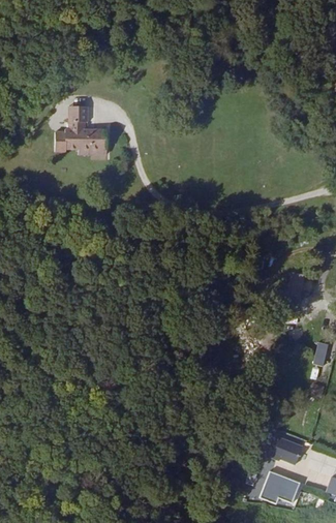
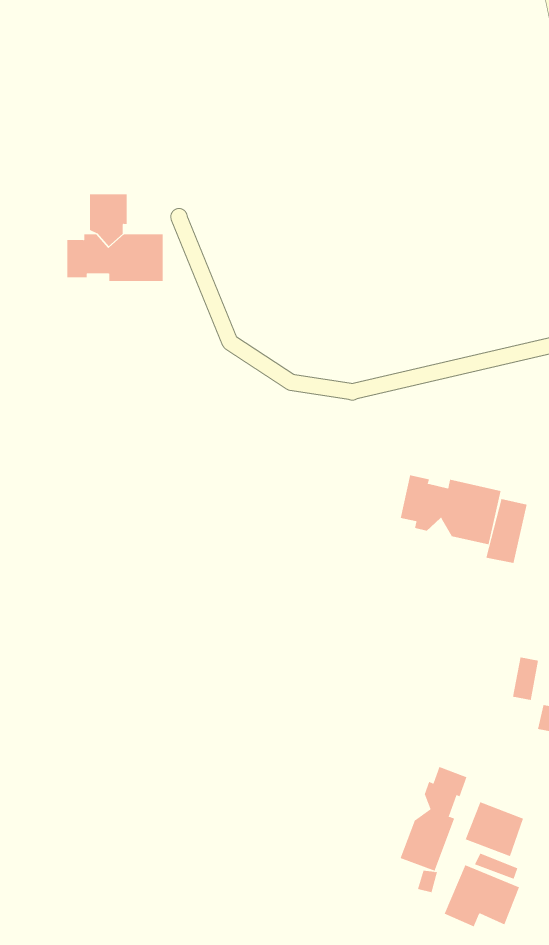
building: none -> [400,474,501,545]
building: none -> [400,766,467,872]

